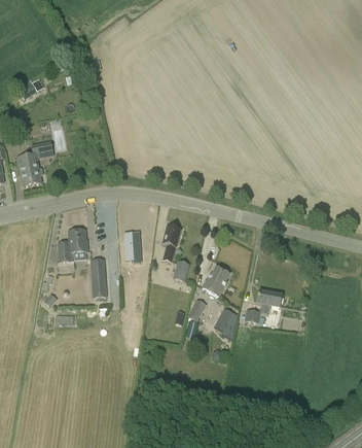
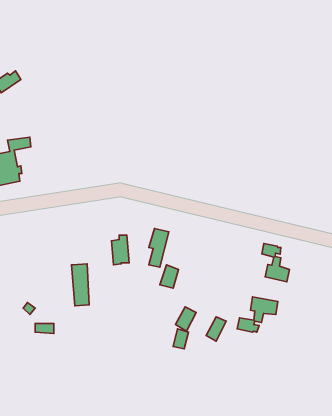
building: [59,231,87,262] -> none
building: none -> [262,244,290,282]
building: [203,267,229,297] -> none

